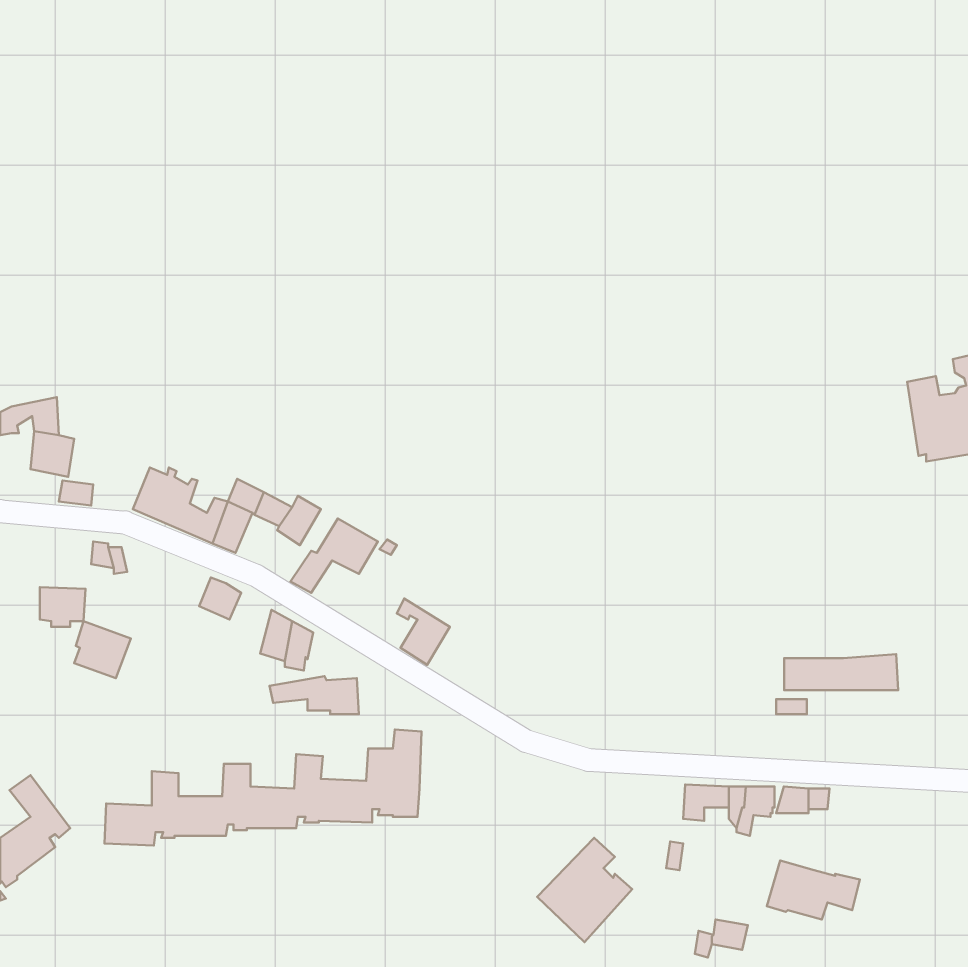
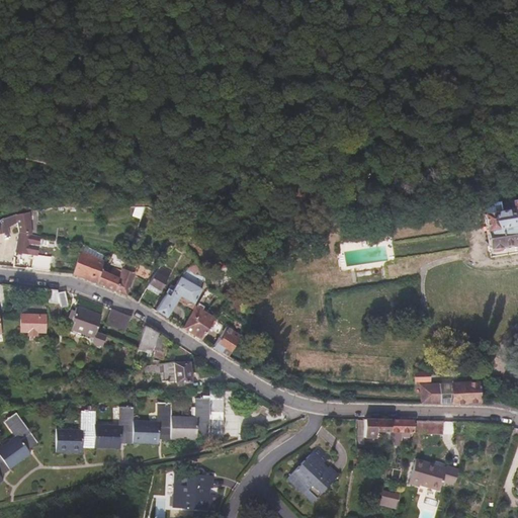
building: none -> [184,306,217,338]
building: [74,621,131,678] -> [72,306,102,336]
building: [784,654,898,690] -> [421,382,482,402]
building: none -> [174,471,219,509]

